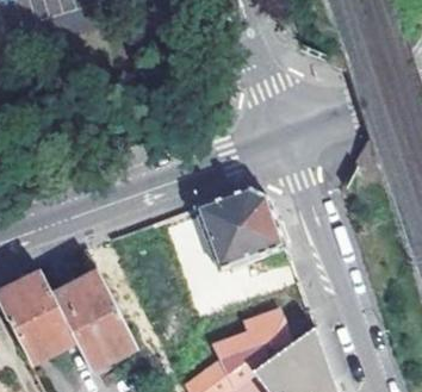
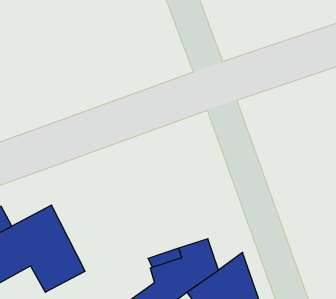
building: [194,186,286,270] -> none

